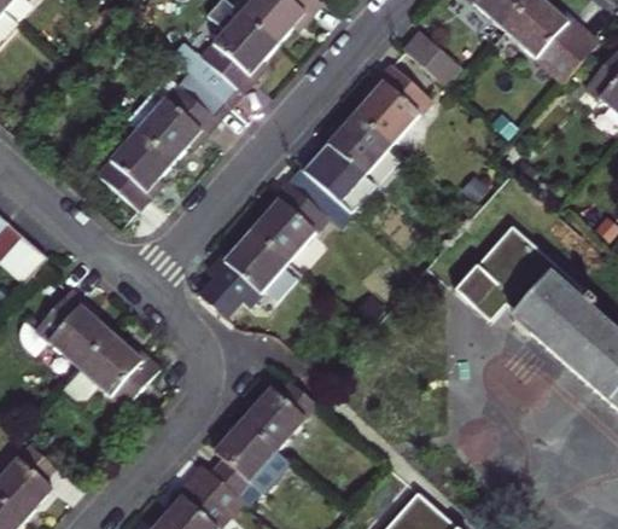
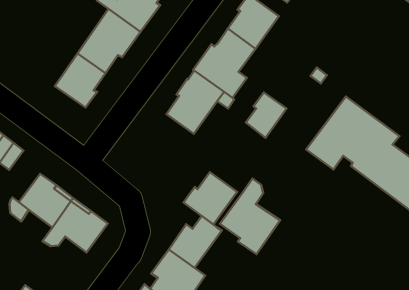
building: none -> [246,93,286,138]
building: [216,223,293,298] -> [183,172,237,225]
building: none -> [220,178,280,254]

